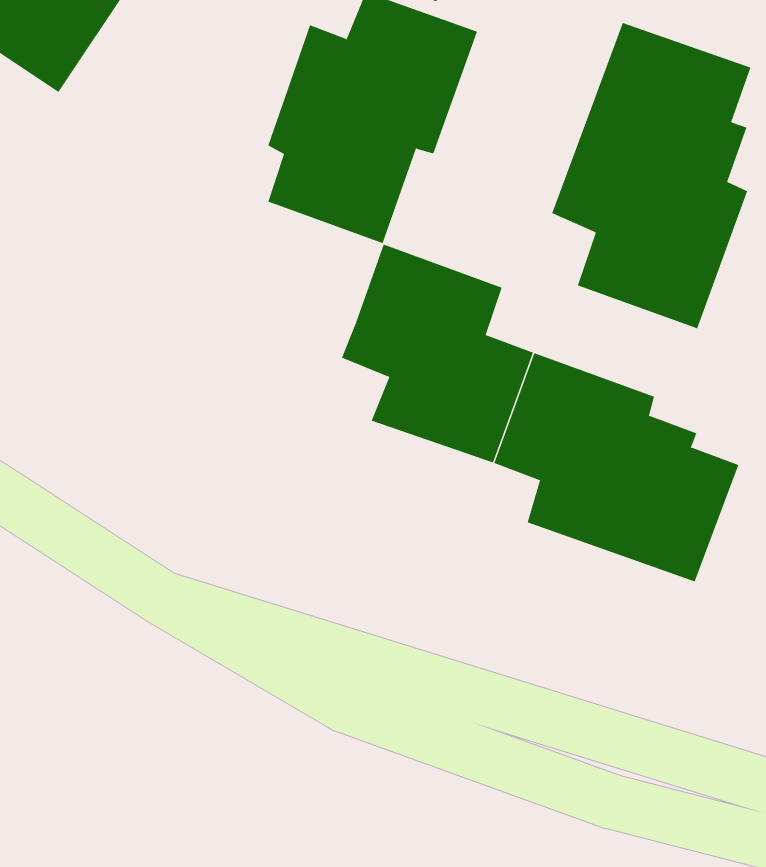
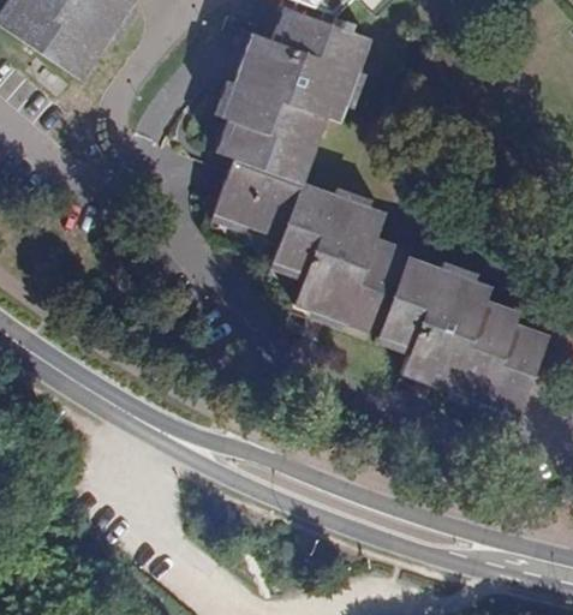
building: [551,22,751,329] -> none
building: none -> [214,156,303,235]

